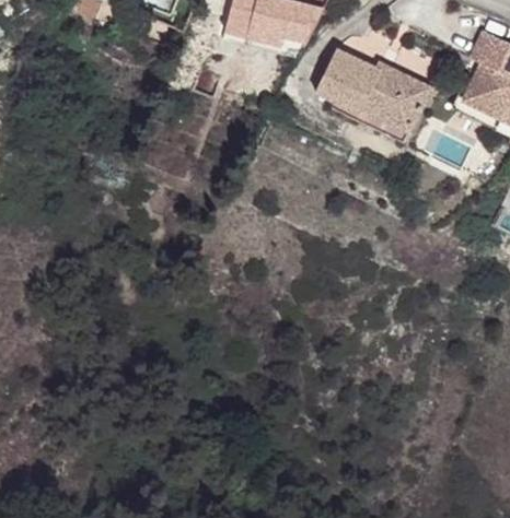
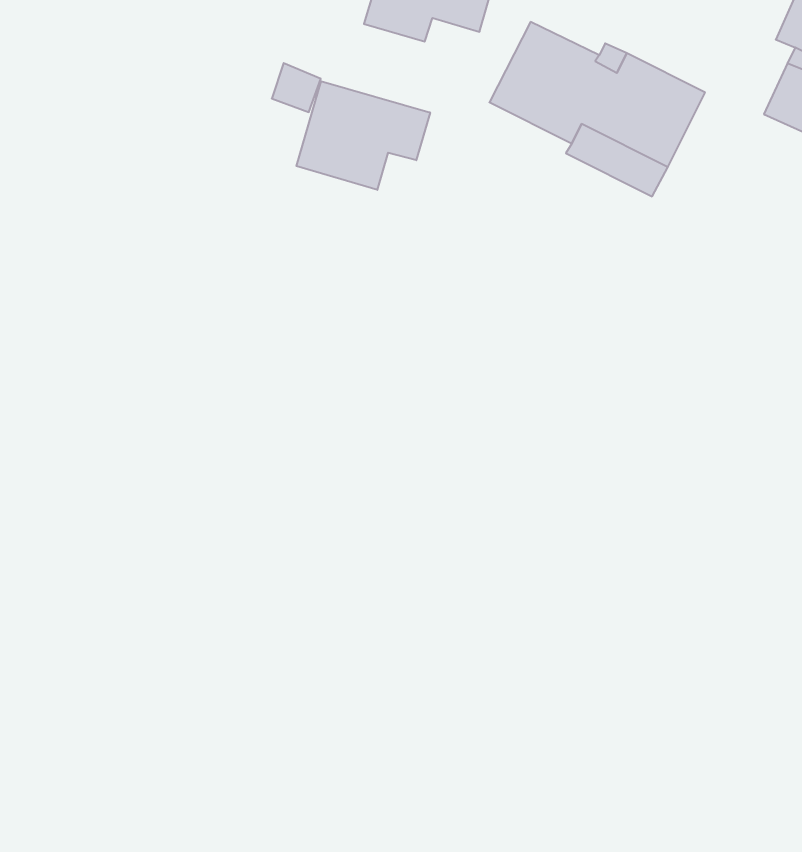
building: none -> [296,81,430,190]

